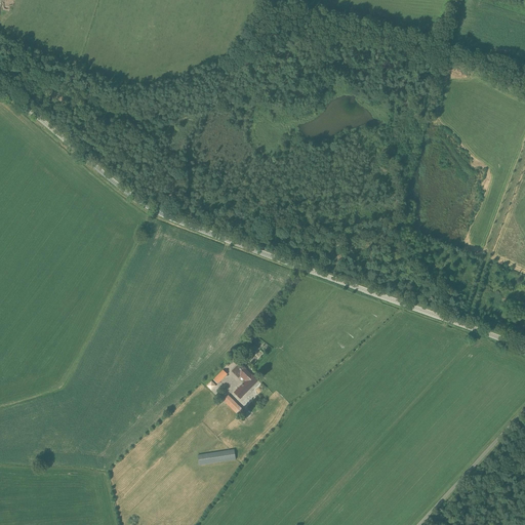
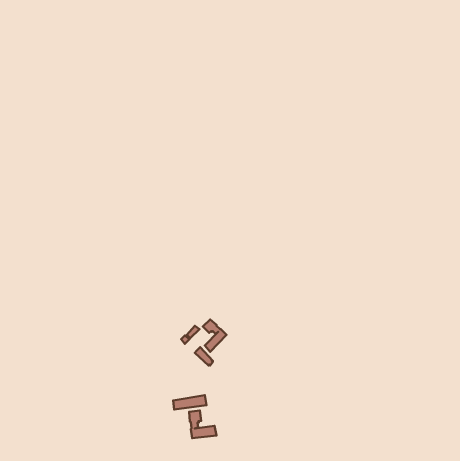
building: none -> [189,410,217,438]

